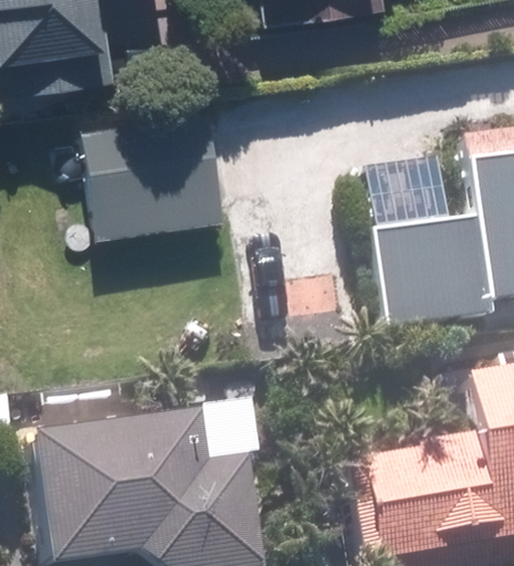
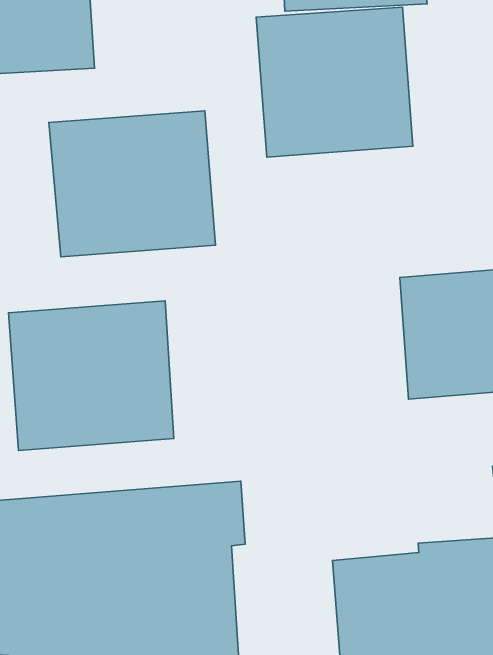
building: none -> [256,7,413,157]
building: none -> [8,301,174,450]

